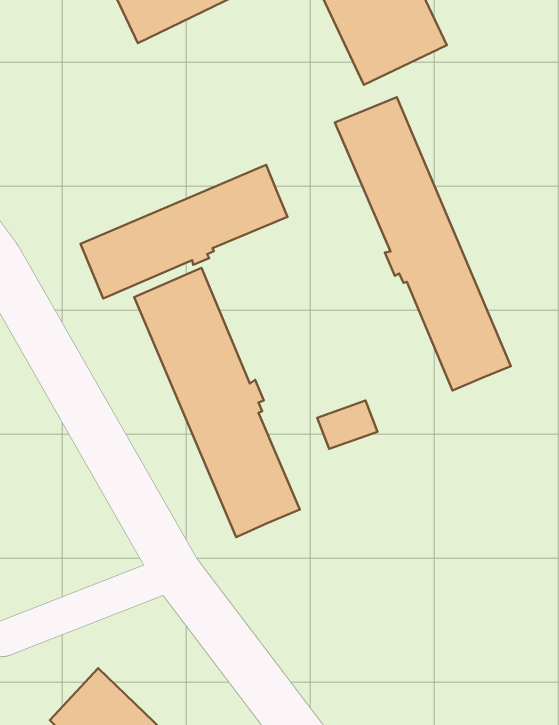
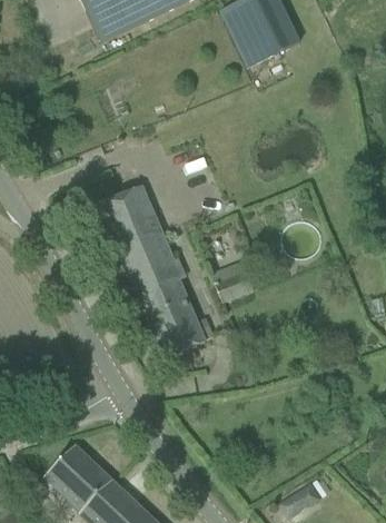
building: [335,97,511,391] -> none
building: [80,165,288,299] -> none

